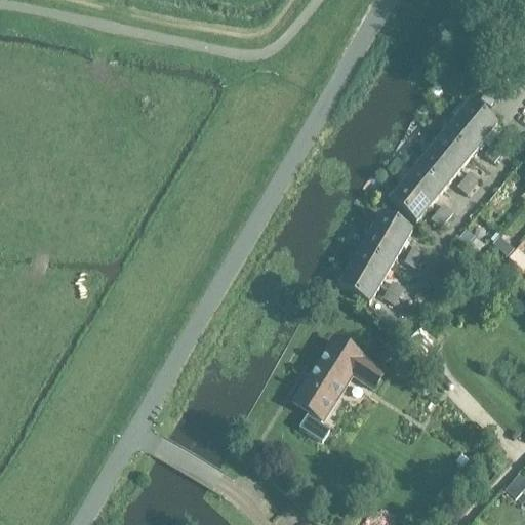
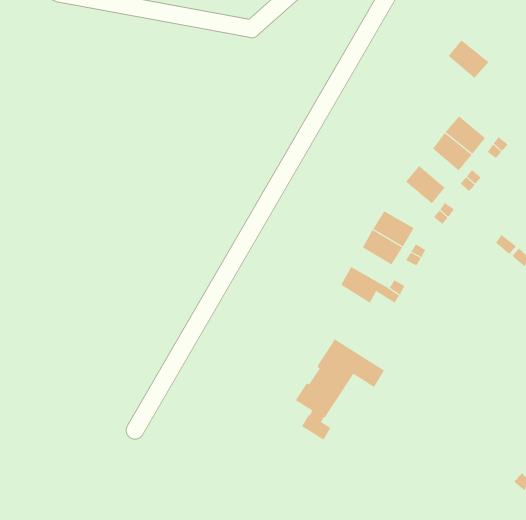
building: [457,98,498,137] -> [448,39,489,79]
building: [417,148,457,187] -> none
building: [390,180,431,219] -> none
building: [350,246,391,282] -> none

